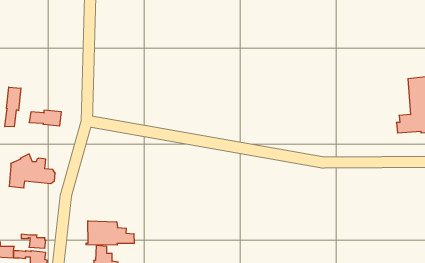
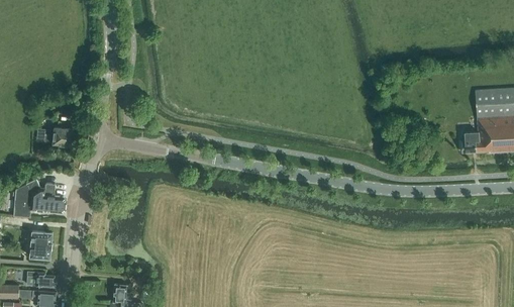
building: [5,87,21,127] -> none
building: none -> [29,231,53,260]
building: [86,221,134,245] -> none

